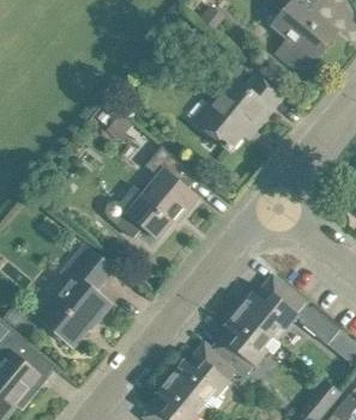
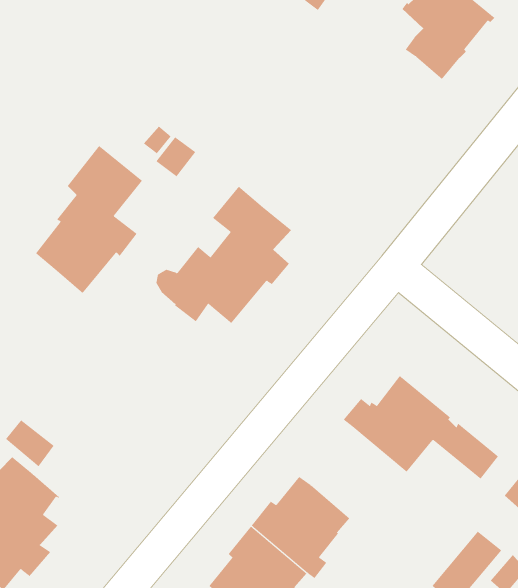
building: [199,77,282,150] -> none
building: [41,245,114,346] -> [35,145,143,294]
building: [212,304,282,377] -> none

